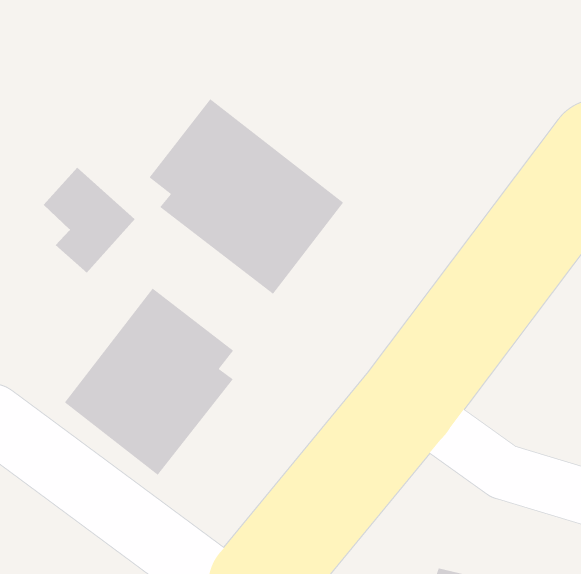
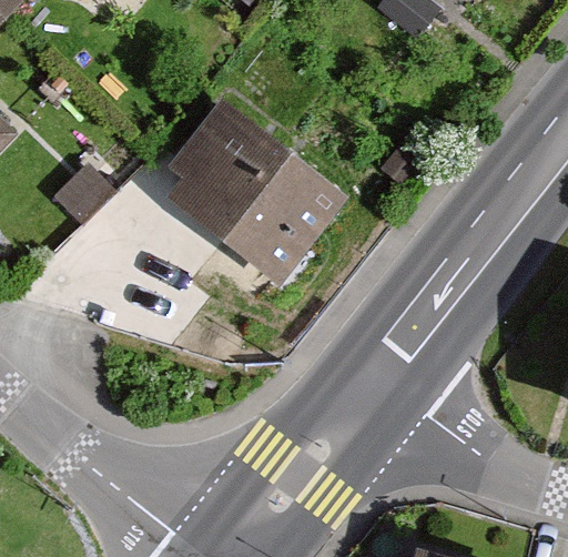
building: [64,287,234,476] -> none

